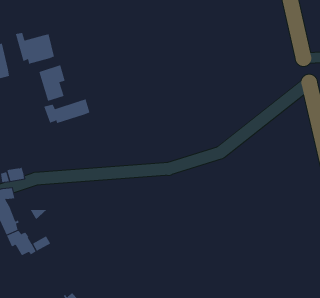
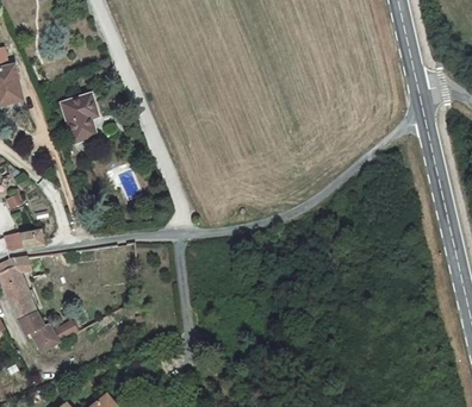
building: [15,32,55,65] -> none
building: [44,99,90,124] -> none

